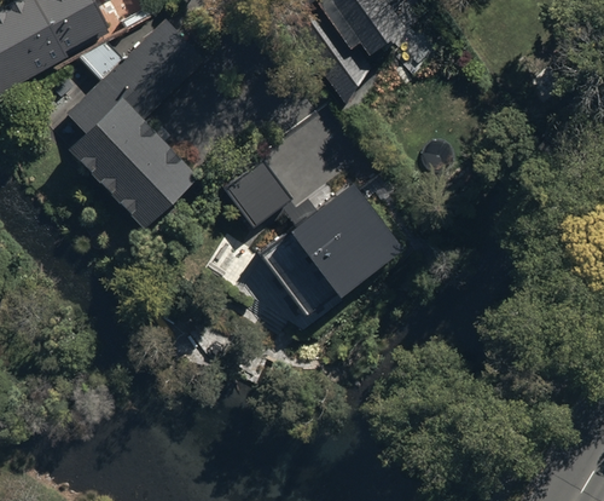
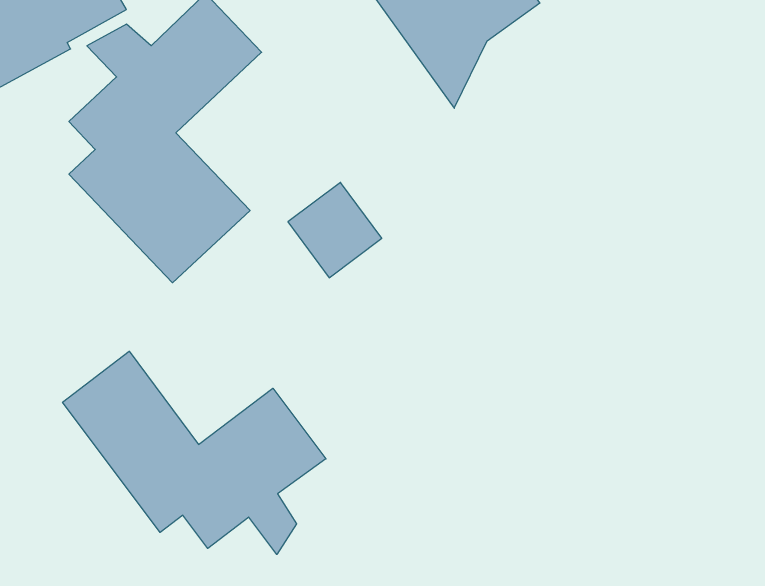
building: [260,179,408,319] -> none
building: none -> [63,351,326,554]

